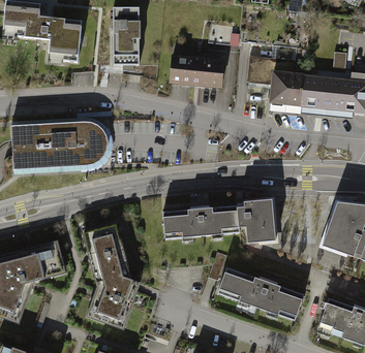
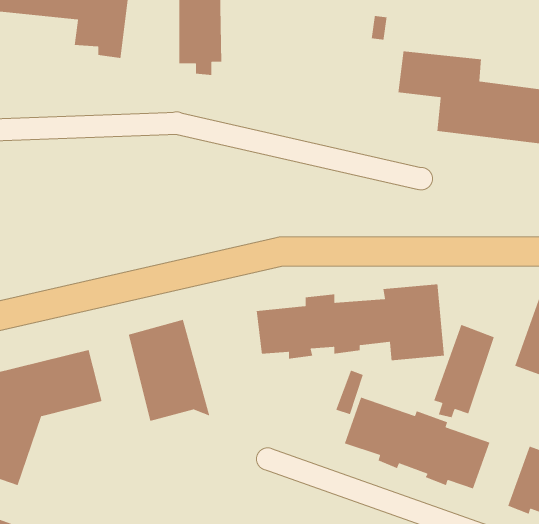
building: [170,54,229,87] -> none
building: [11,120,107,167] -> none
building: none -> [433,324,495,418]
building: [85,274,140,327] -> none

